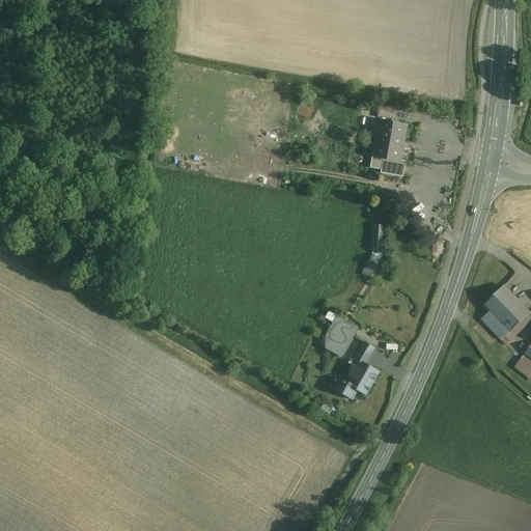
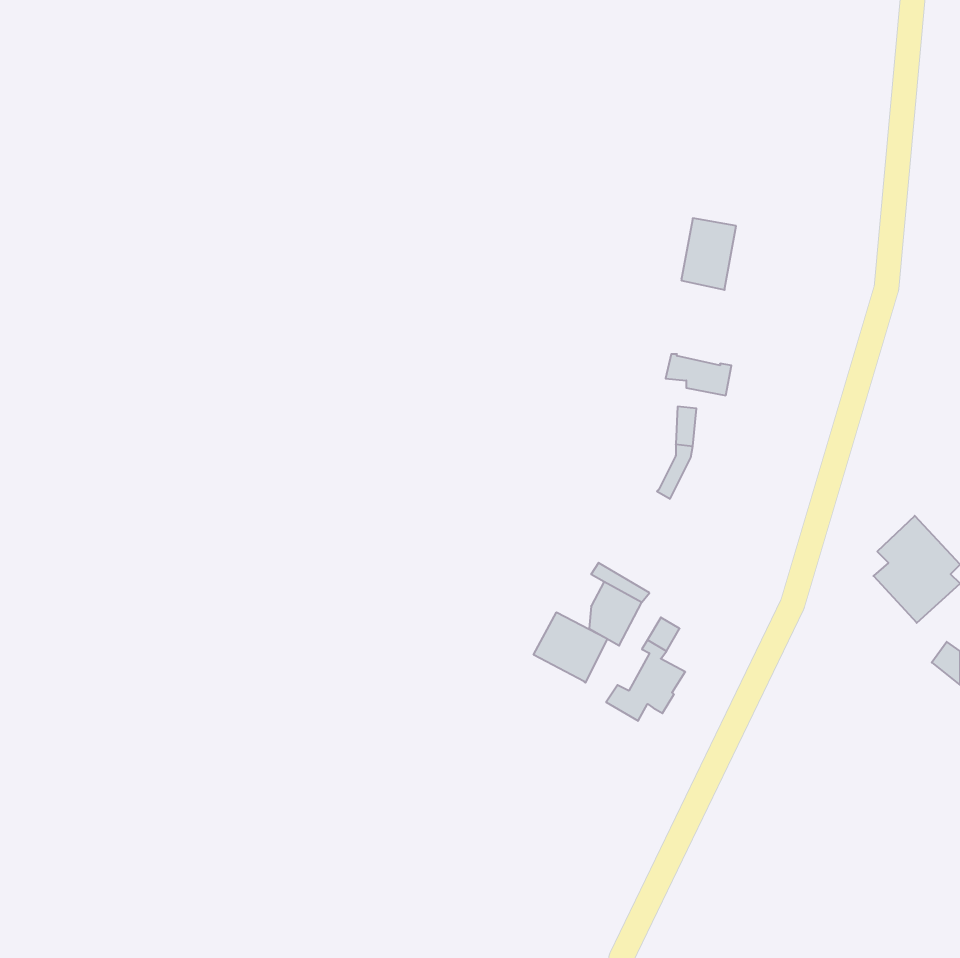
building: [369,153,406,176] -> [666,354,731,395]
building: none -> [534,612,607,683]

